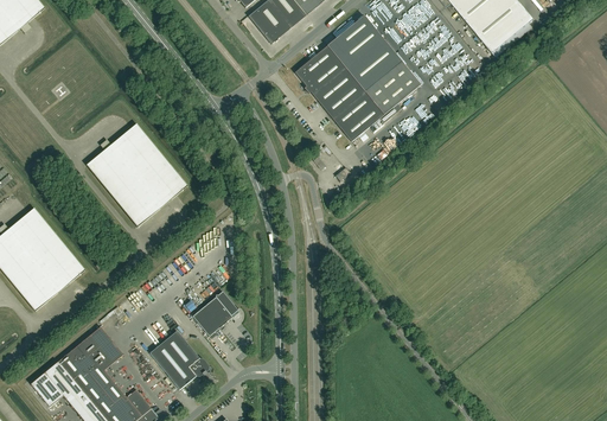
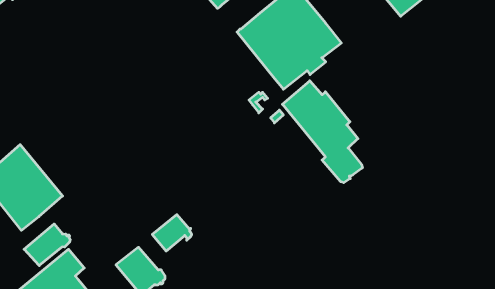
building: [87,122,187,225] -> none
building: none -> [282,81,362,183]
building: none -> [24,224,70,266]

